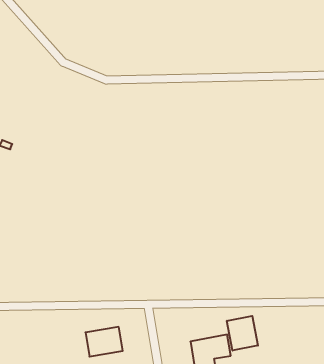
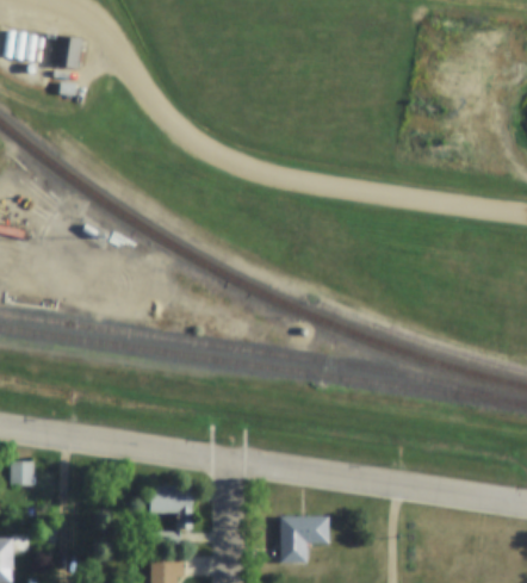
building: [227,316,258,351] -> none

